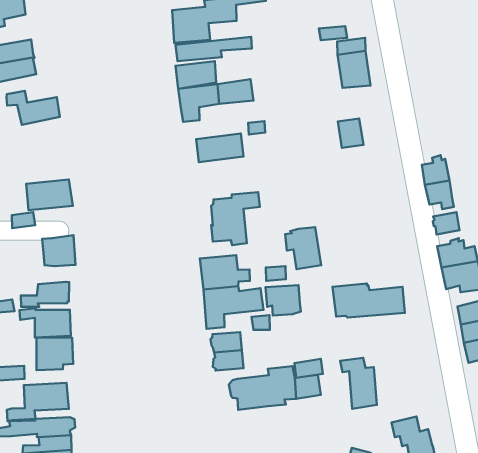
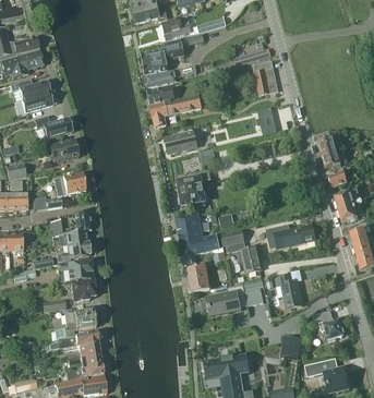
building: none -> [49,138,79,161]
building: [285,227,321,269] -> [237,244,263,274]
building: none -> [50,219,86,245]

